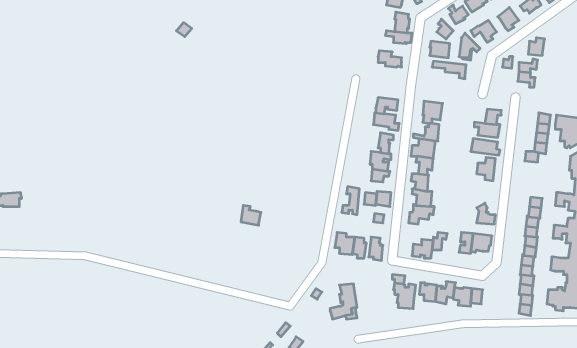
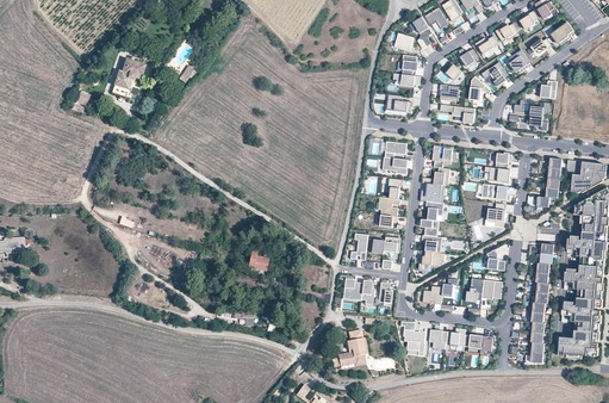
building: none -> [111,58,144,97]

